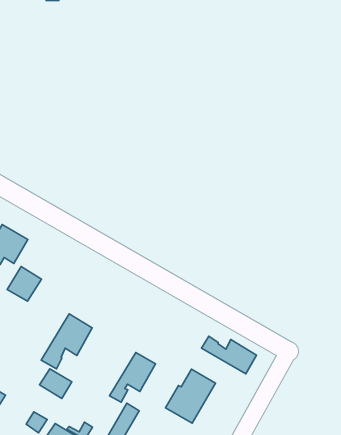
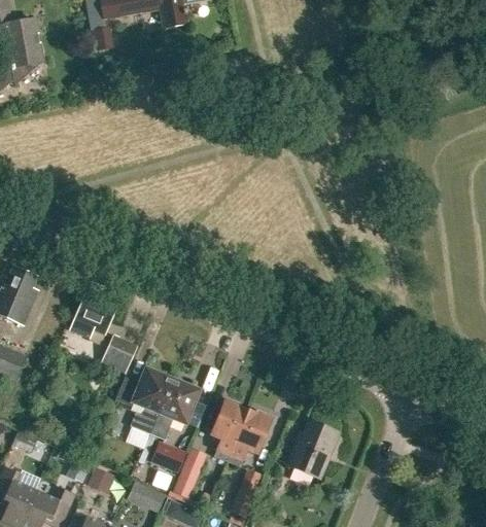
building: none -> [116,370,172,444]
building: [202,336,257,374] -> none
building: none -> [214,402,249,461]
building: none -> [173,446,207,495]

